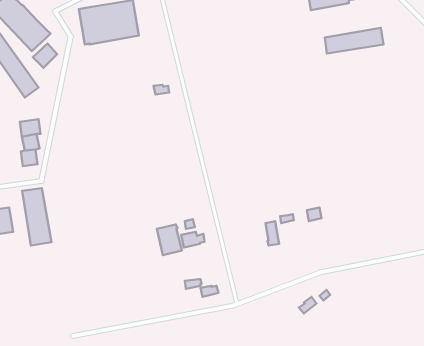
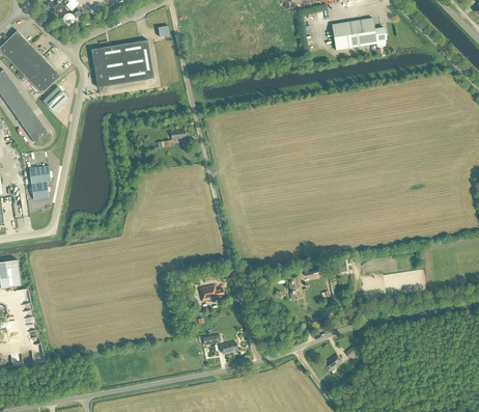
building: [325,28,384,53] -> none
building: [22,188,51,246] -> none
building: [157,224,182,255] -> none

